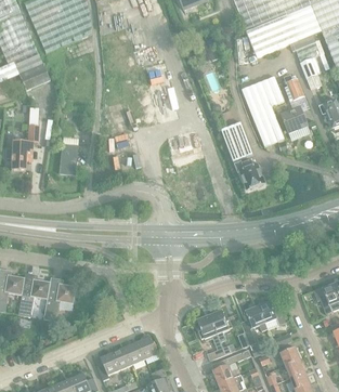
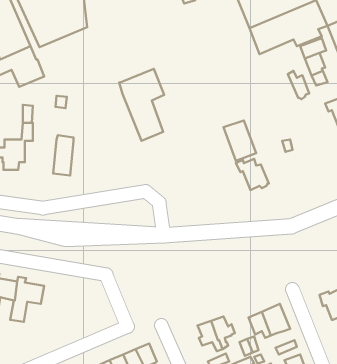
building: [239,75,283,144] -> [119,69,164,141]
building: [281,106,307,136] -> none
building: [42,276,75,321] -> none

